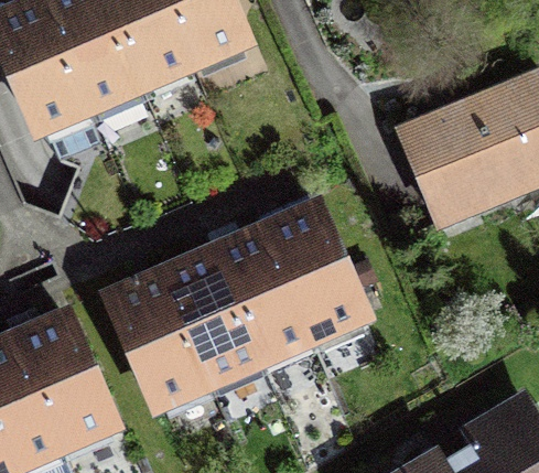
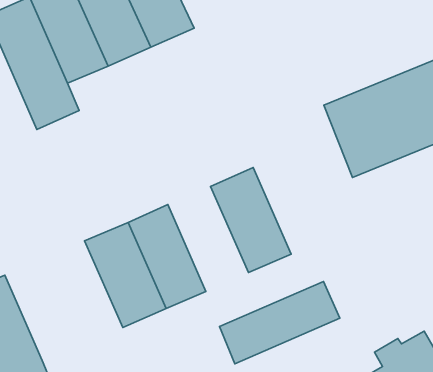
building: [213,232,311,359] -> none
building: [14,318,111,447] -> none
building: none -> [219,281,340,364]

